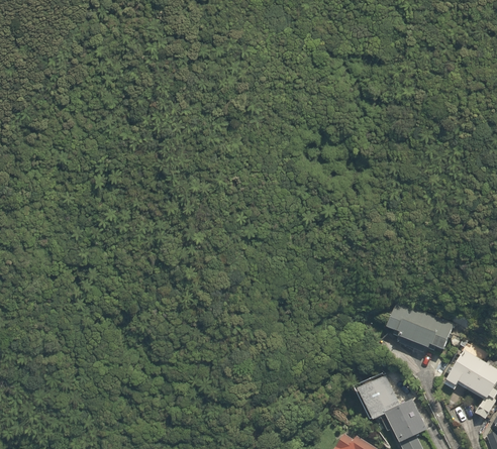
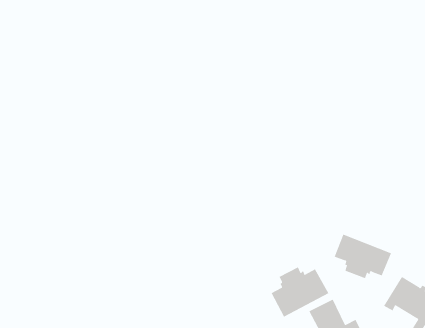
building: none -> [271,267,329,318]

